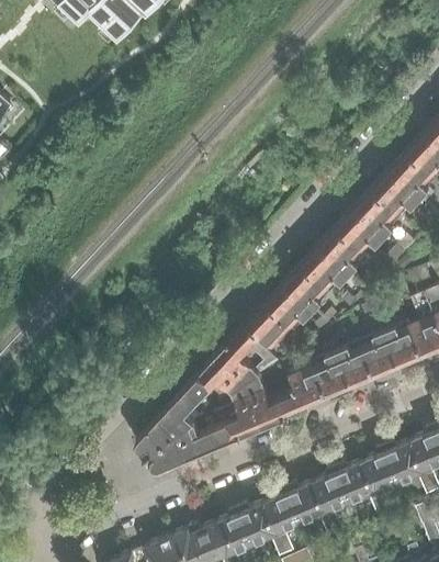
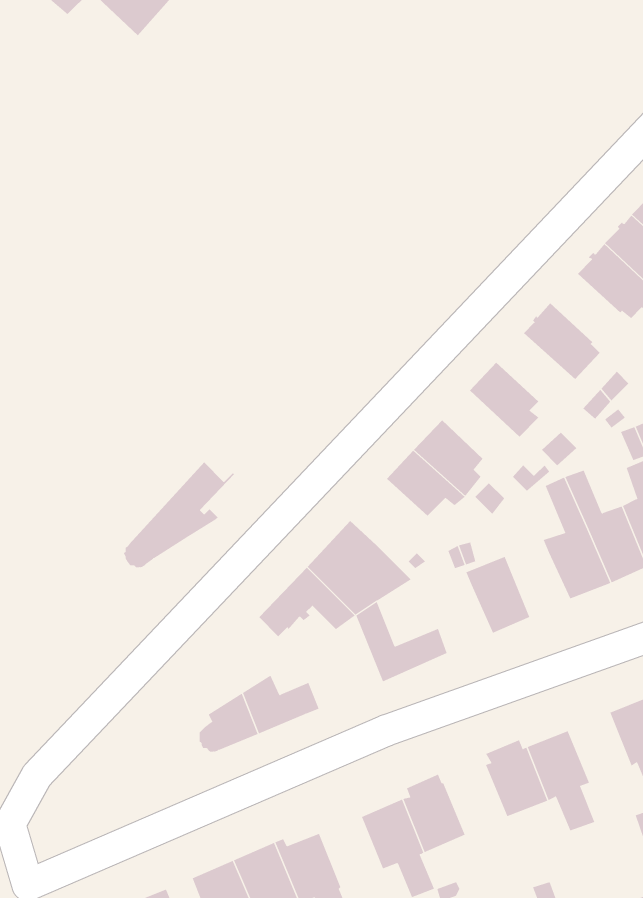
building: [365,179,408,221] -> none
building: [333,215,381,257] -> none
building: [300,250,347,292] -> none
building: [244,304,291,346] -> none
building: [338,341,378,389] -> none
building: [288,361,330,411] -> none
building: [216,387,263,445] -> none
building: [138,389,206,453] -> [123,462,235,568]
building: [375,443,415,490] -> none
building: [301,479,345,539] -> none
building: [225,505,263,553] -> none

